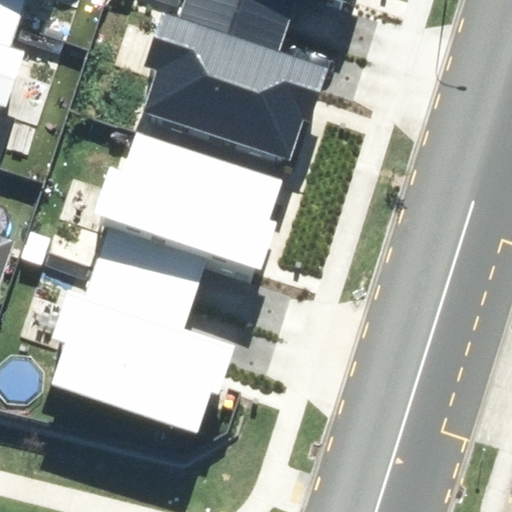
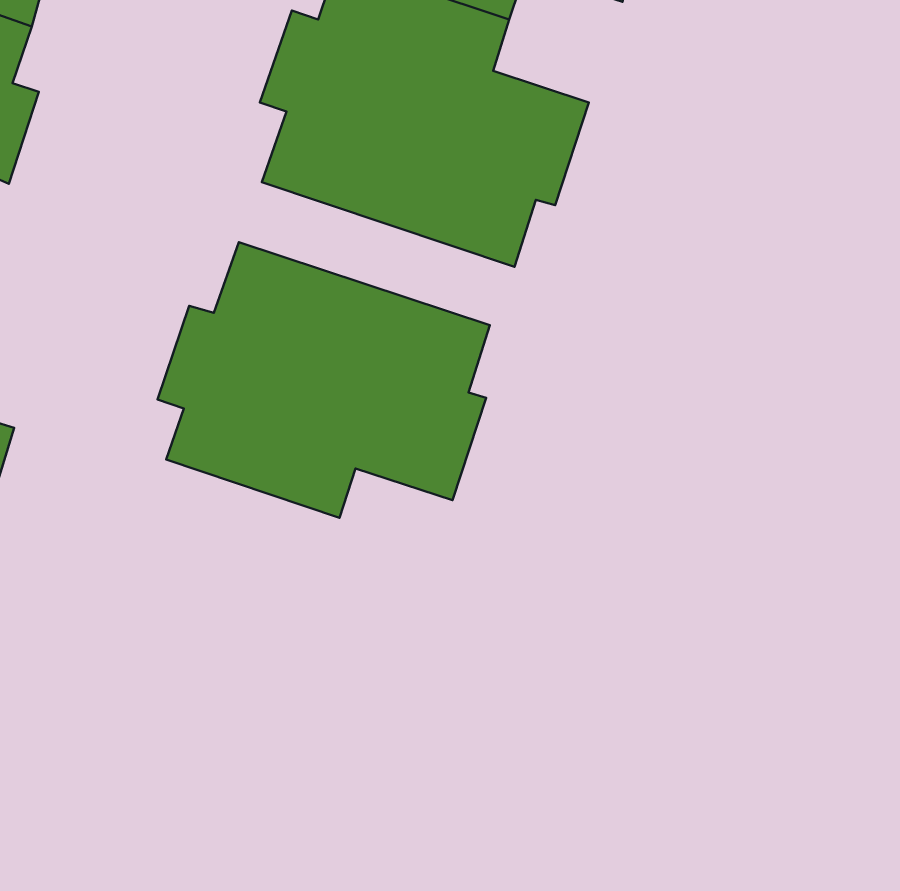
building: [51,260,237,432] -> none

